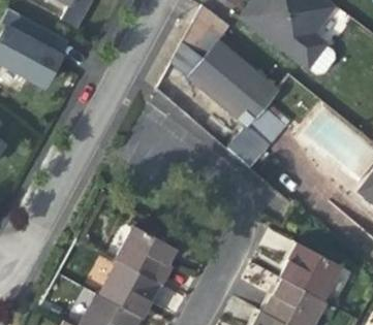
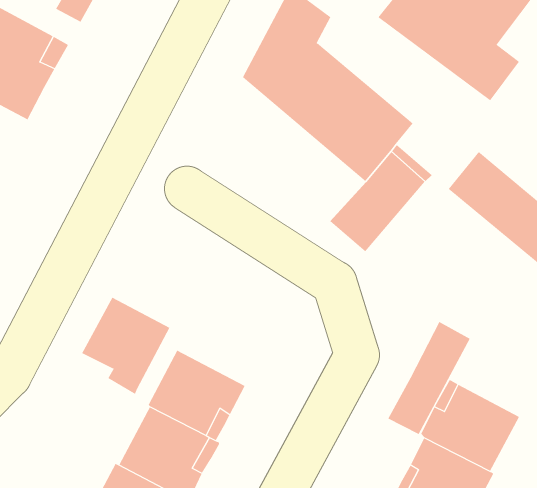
building: none -> [82,297,170,395]
building: none -> [387,321,471,435]

